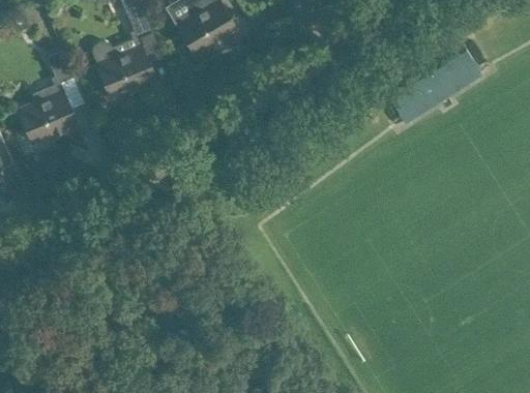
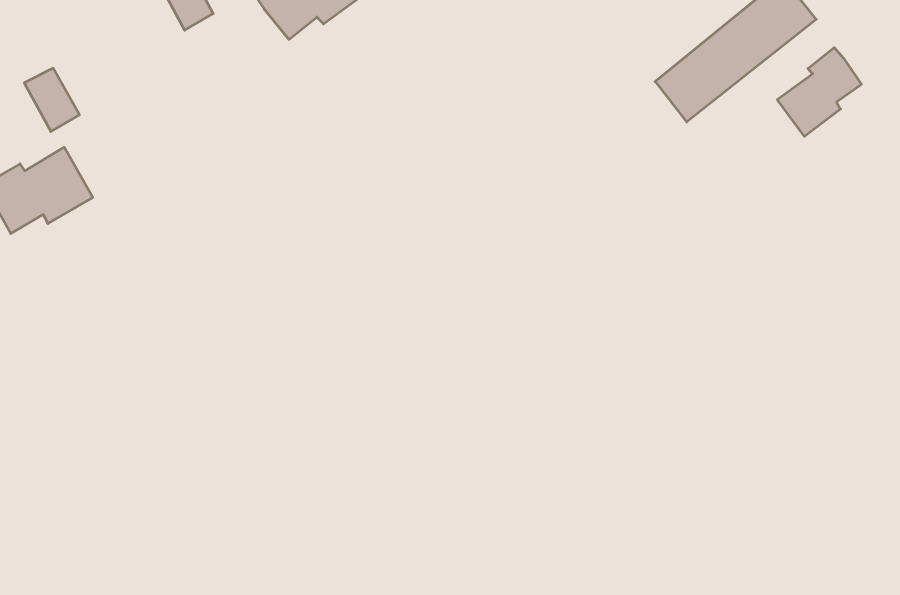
building: [93,37,156,91] -> none
building: none -> [777,48,861,136]

